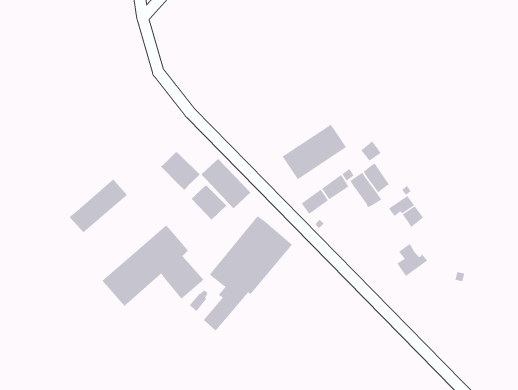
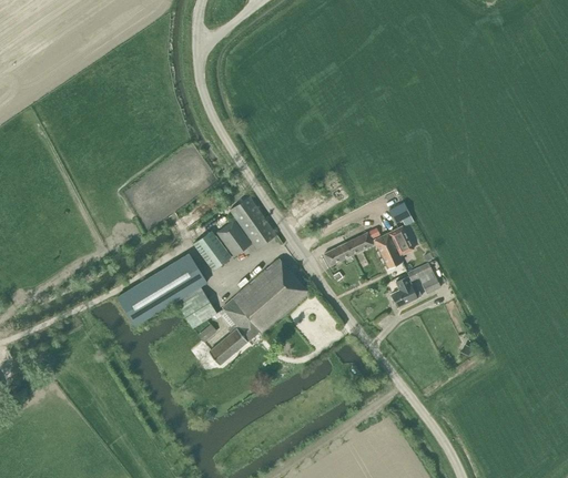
building: [282,124,347,180] -> none
building: [160,151,200,191] -> [193,230,231,269]
building: [69,179,128,233] -> none
building: [397,243,428,277] -> [390,275,422,307]

